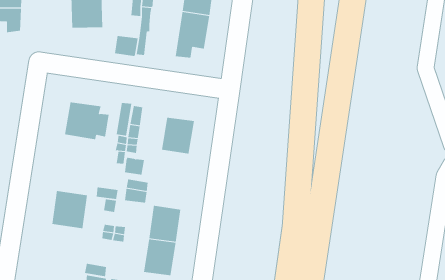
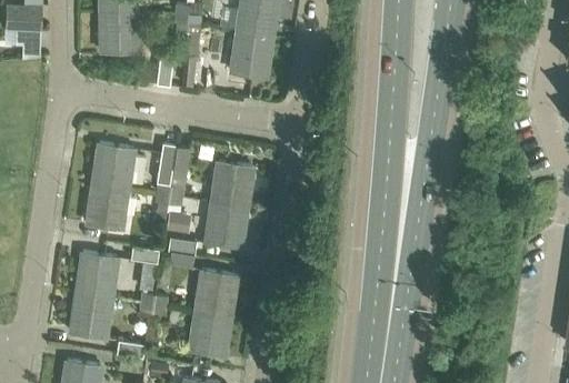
building: none -> [87,183,131,231]
building: none -> [206,202,246,249]
building: none -> [70,293,116,340]

